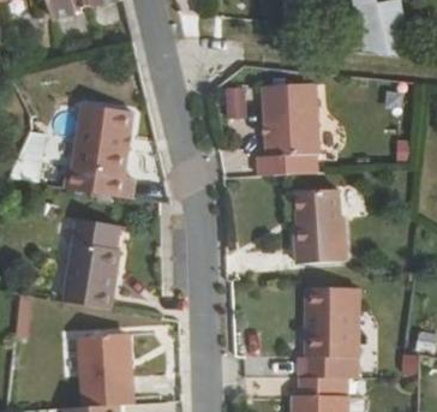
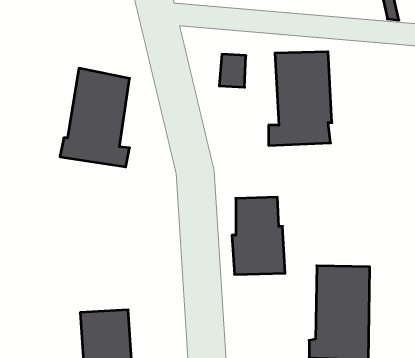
building: [295,191,346,264] -> [232,197,285,274]
building: [64,220,118,309] -> none

